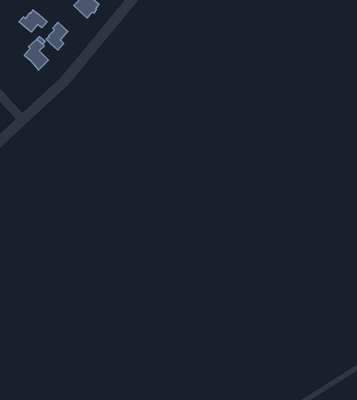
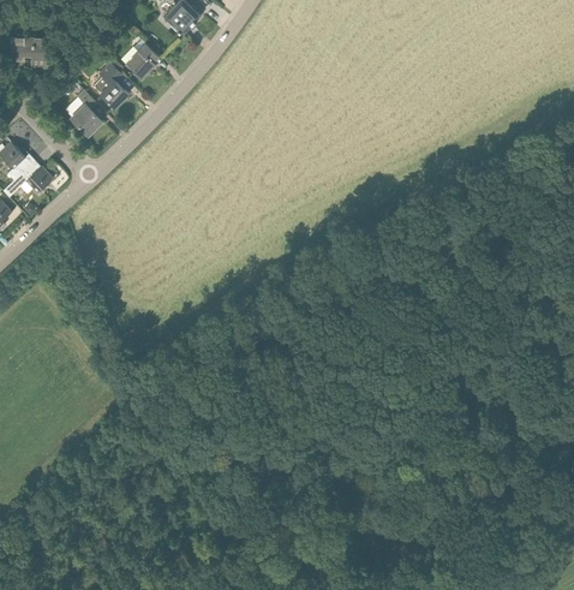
building: [19,10,47,32] -> none
building: none -> [71,90,102,133]

